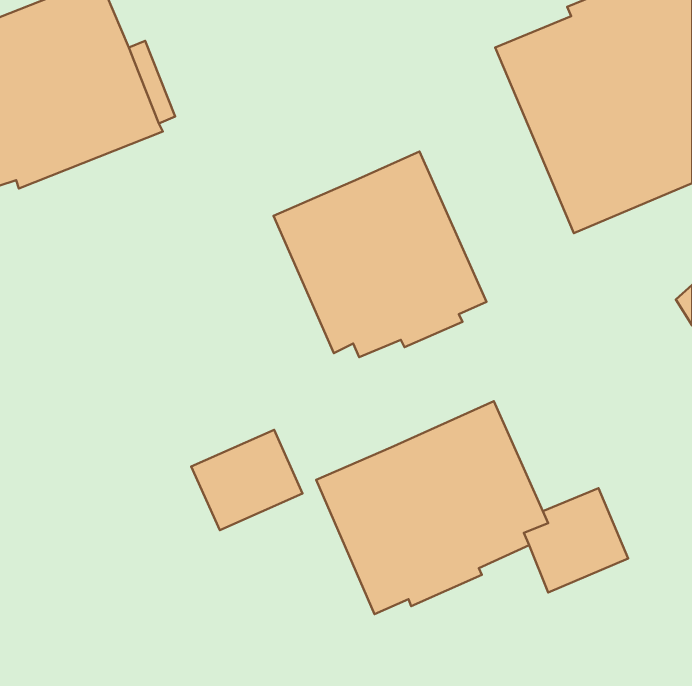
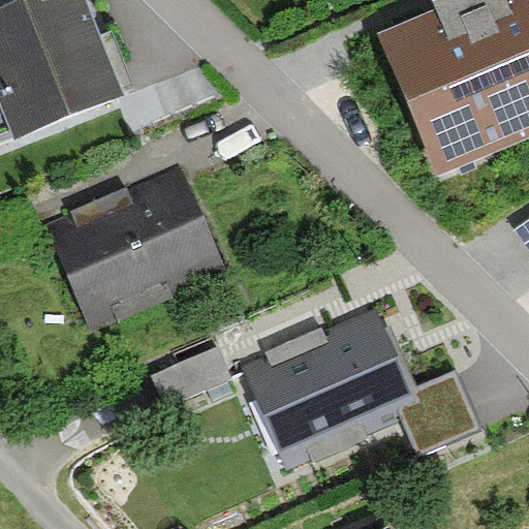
building: [274,152,487,357] -> none
building: none -> [44,162,227,328]

